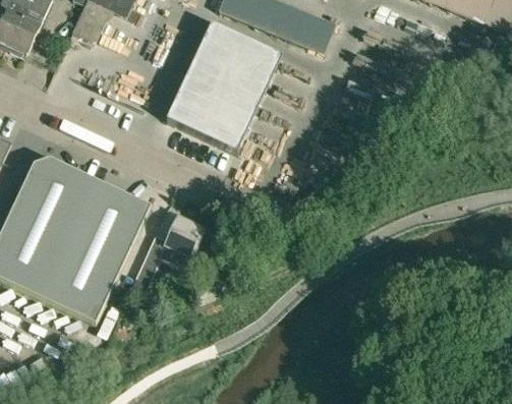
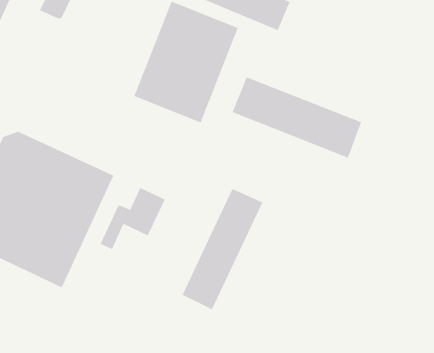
building: none -> [232,77,362,158]
building: none -> [182,188,263,310]

